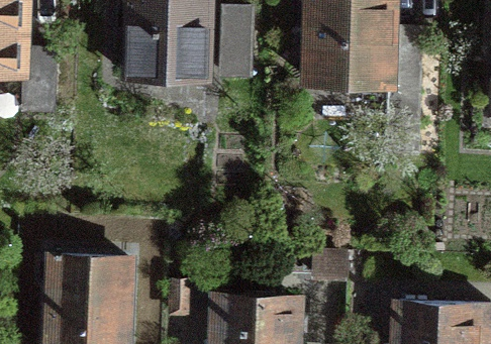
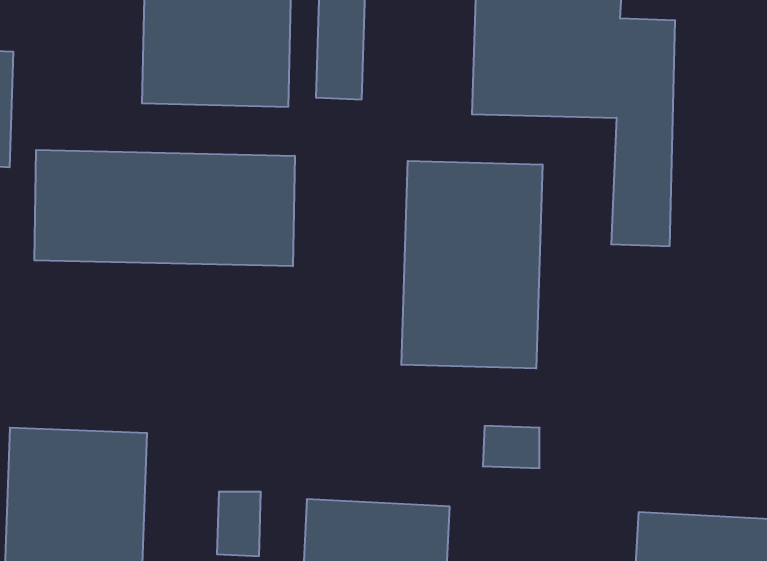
building: none -> [34,150,295,266]
building: none -> [401,161,542,369]

